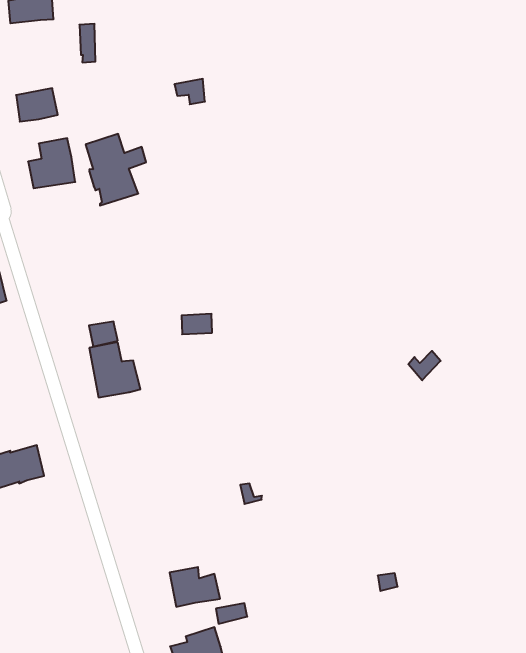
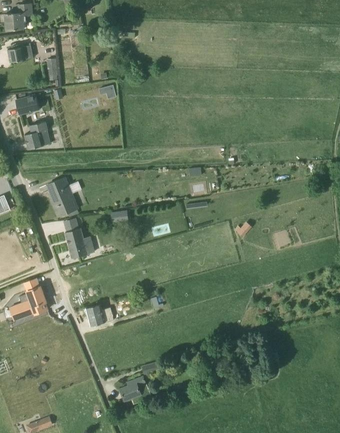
building: [86,134,146,206] -> [47,177,80,216]
building: [170,567,220,607] -> [85,304,113,326]

